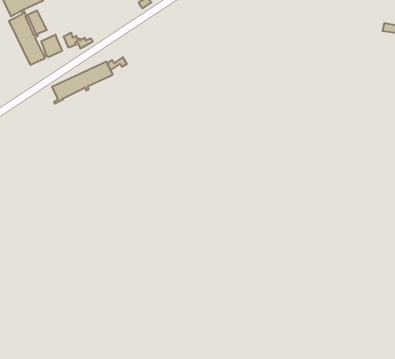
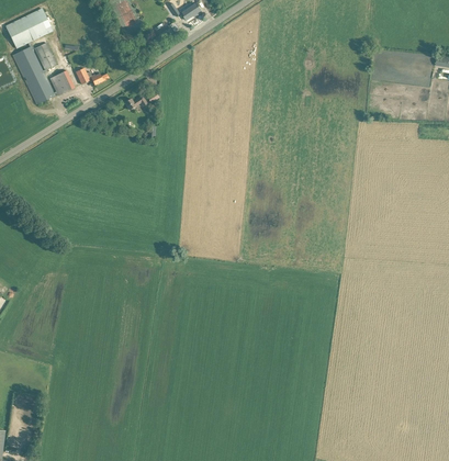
building: [52,61,113,104] -> none

